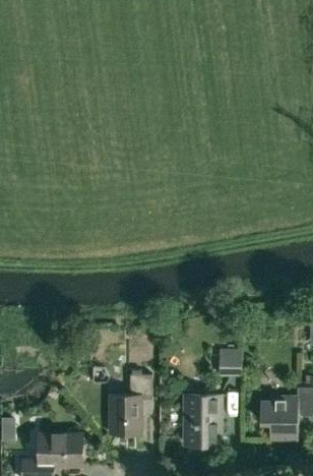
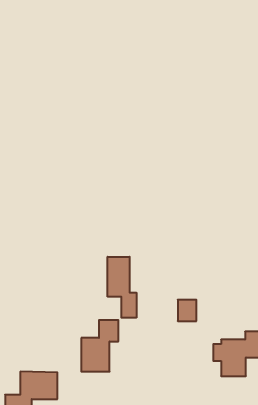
building: none -> [108,257,136,318]
building: [184,396,221,444] -> none

